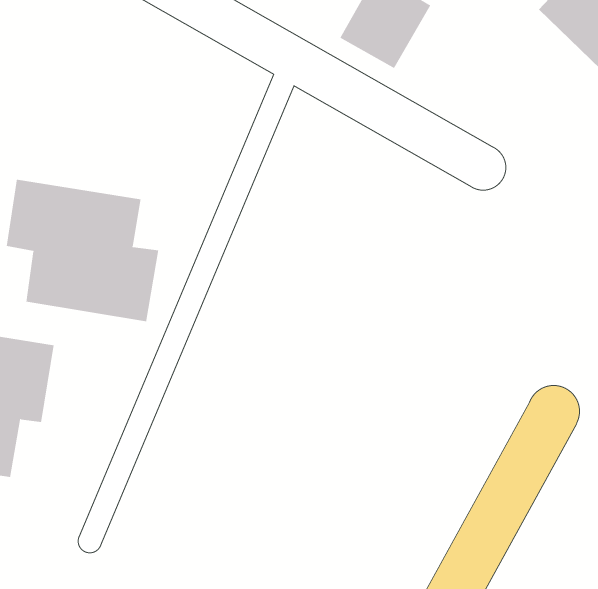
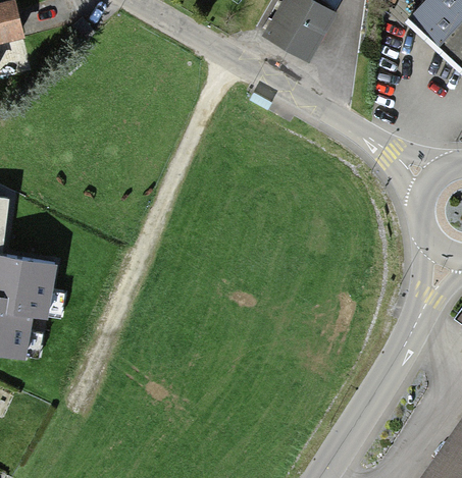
building: [6,179,159,322] -> none

